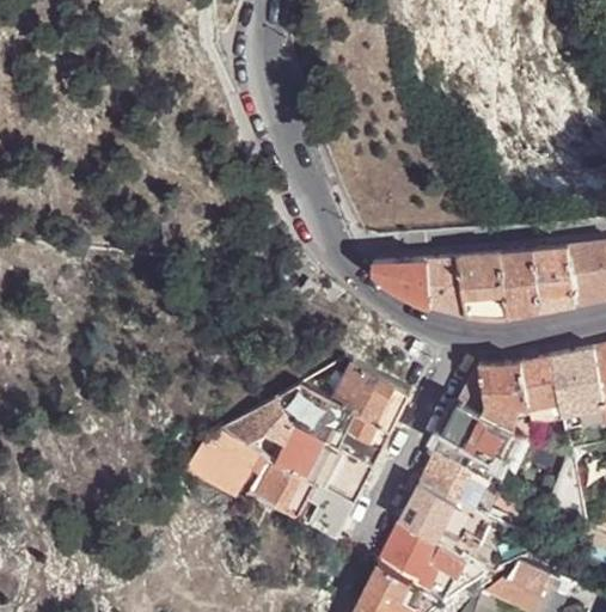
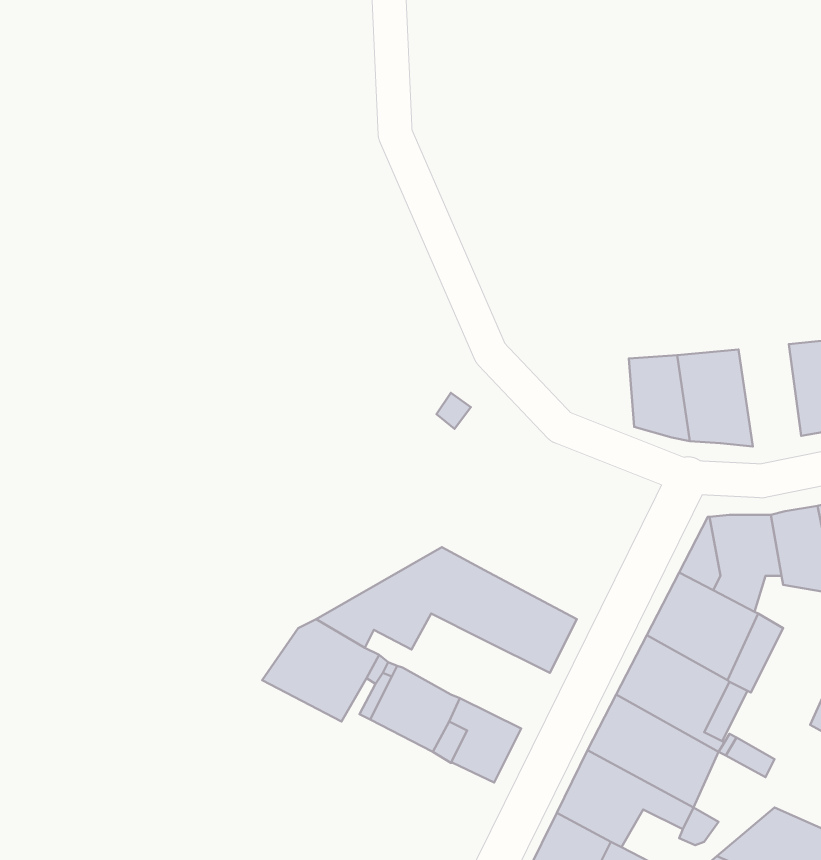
building: [498,250,540,318] -> none
building: [372,259,429,305] -> none
building: [332,363,410,433] -> none
building: [275,429,373,506] -> none

